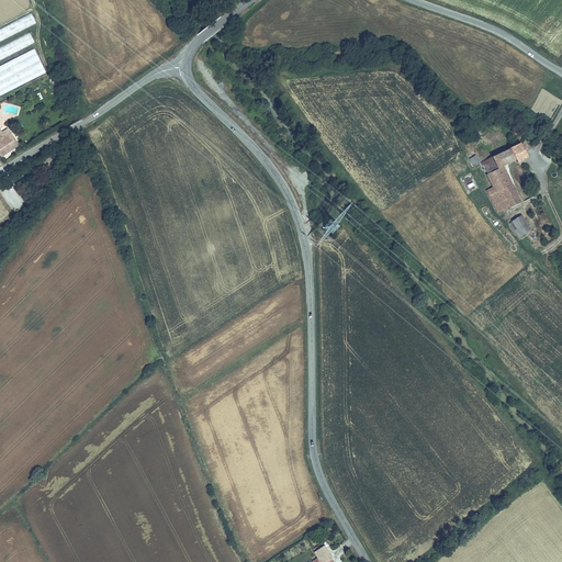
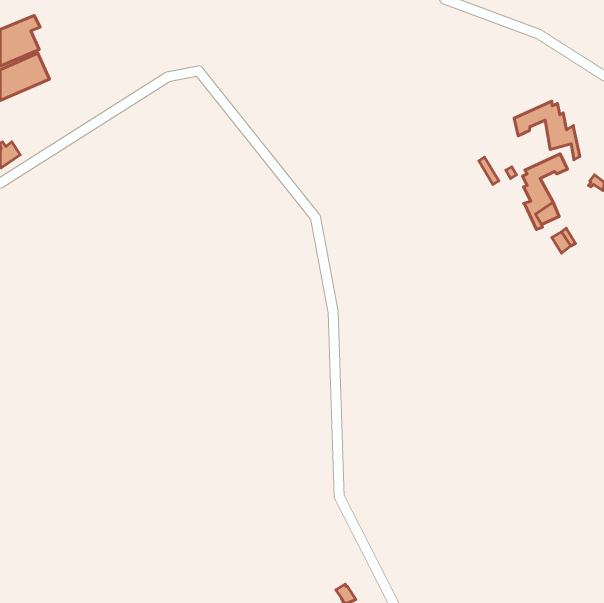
building: none -> [514,101,580,160]

